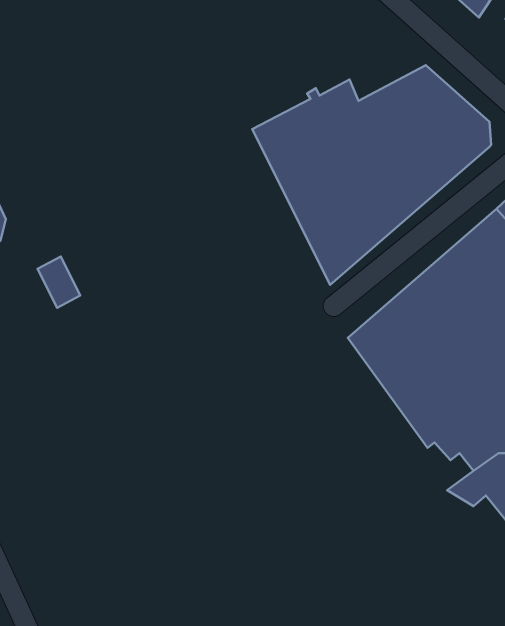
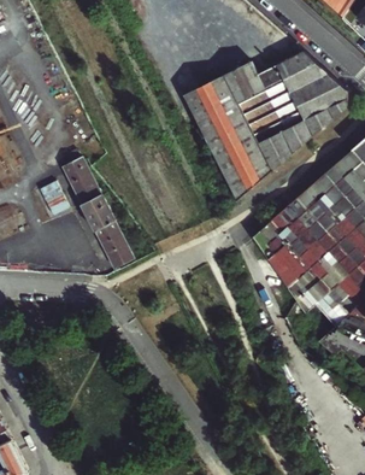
building: none -> [63,158,134,271]

